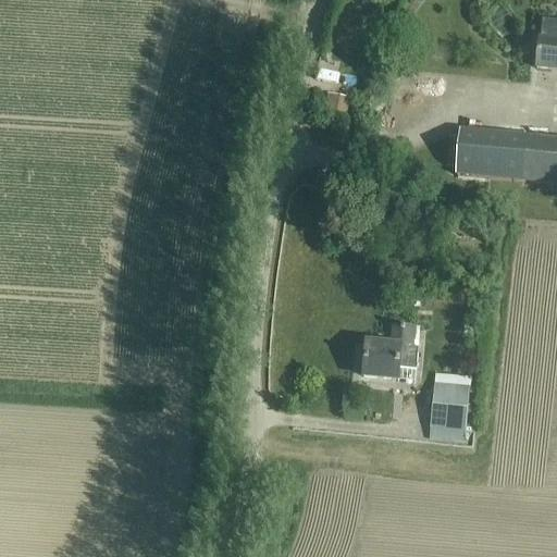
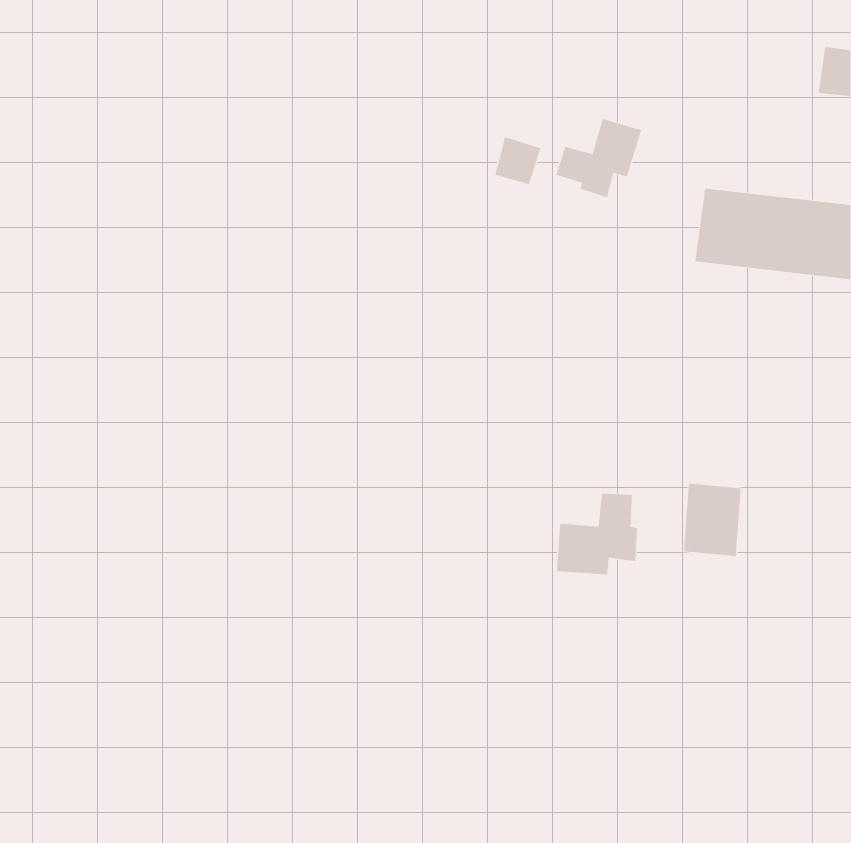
building: none -> [556,118,642,198]
building: [431,381,469,429] -> [683,483,741,556]

